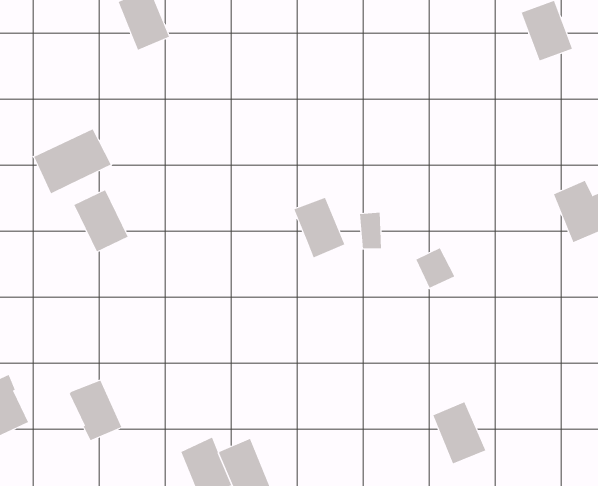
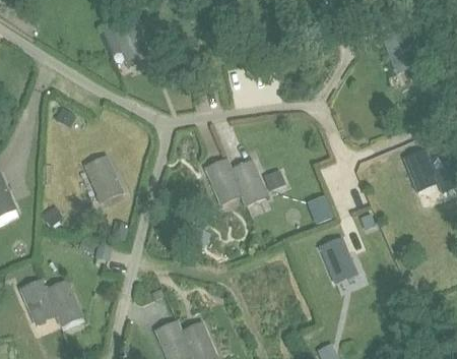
building: [34,128,111,194] -> none
building: none -> [205,160,240,201]
building: [69,380,122,441] -> [45,282,80,322]
building: [433,402,486,464] -> [320,239,355,281]

